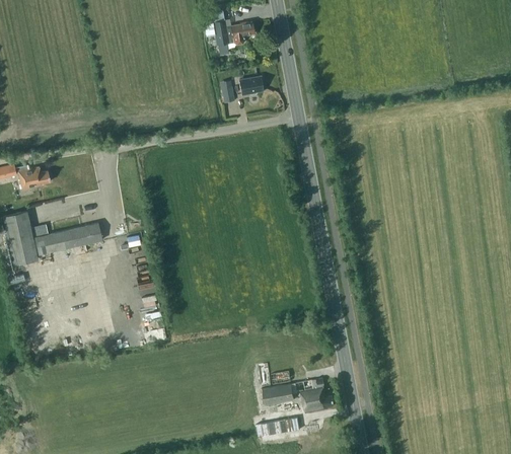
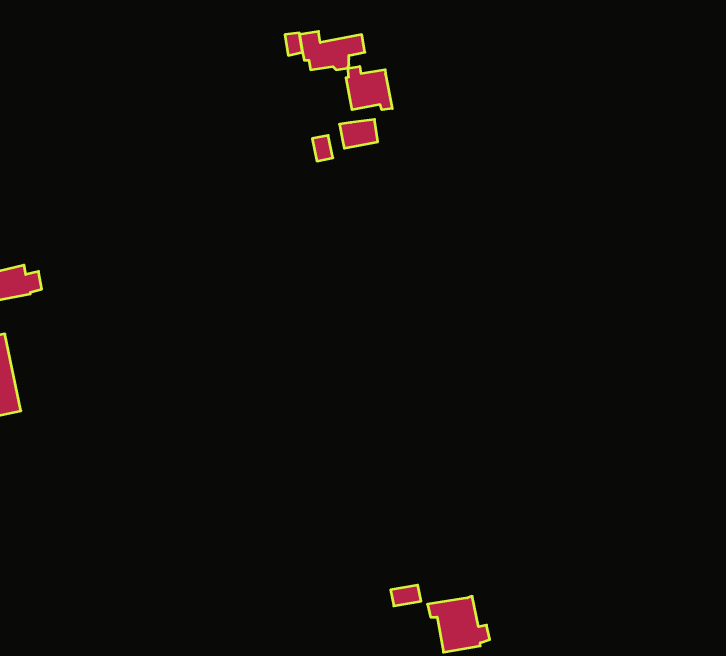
building: none -> [346,66,392,110]
building: [33,225,100,255] -> none
building: [262,384,293,405] -> none

